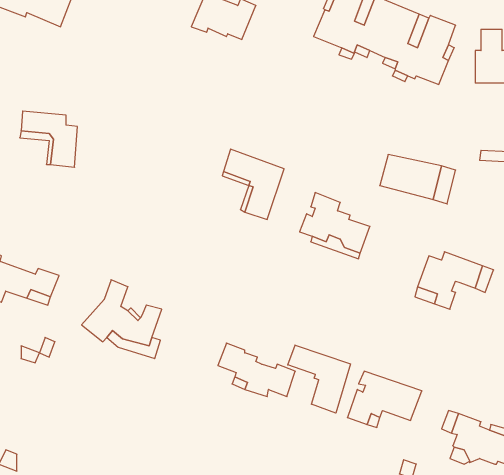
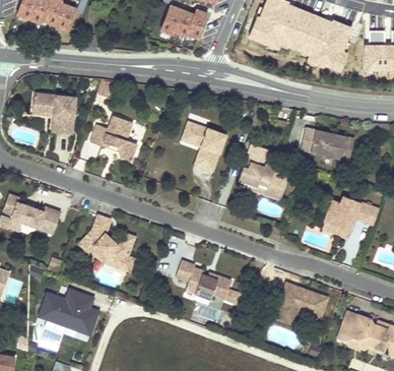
building: none -> [92,115,139,160]
building: [288,345,350,413] -> none
building: none -> [41,288,100,333]

